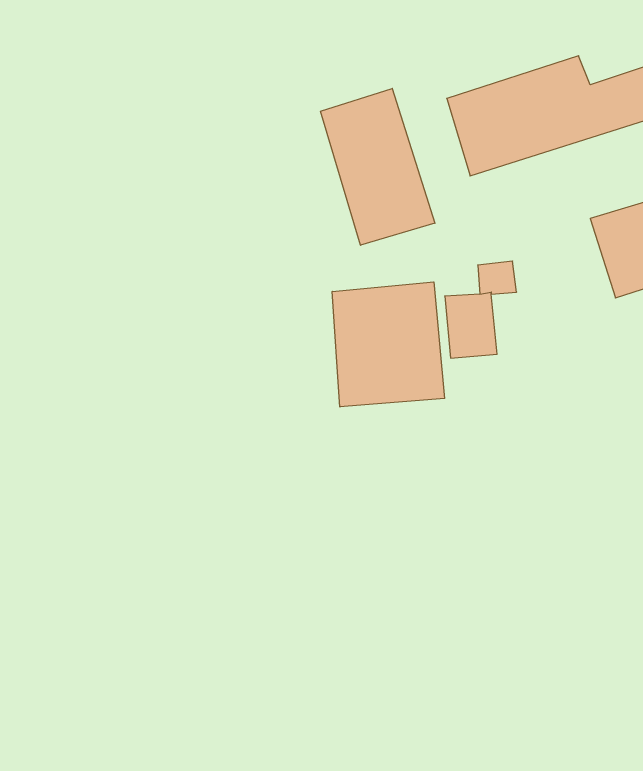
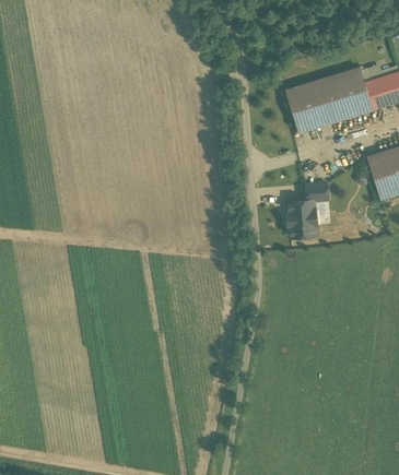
building: [320,88,435,245] -> none
building: [332,282,445,407] -> none

